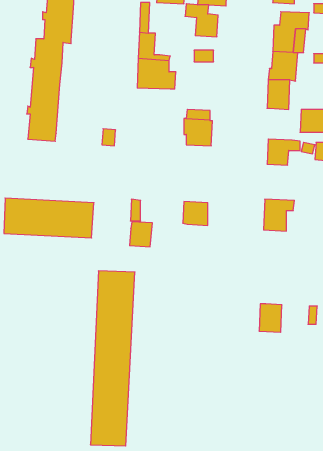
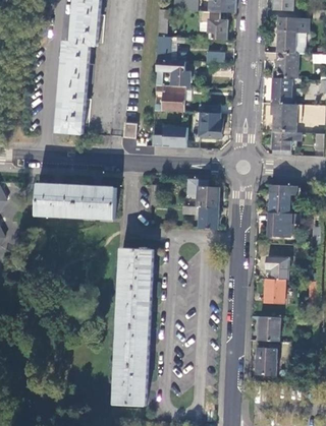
building: none -> [155,85,184,112]
building: none -> [271,104,295,132]
building: none -> [152,126,186,147]
building: [130,222,152,247] -> [198,207,218,230]
building: none -> [267,212,298,237]
building: none -> [266,257,287,280]
building: none -> [258,316,279,341]
building: none -> [255,348,275,375]

